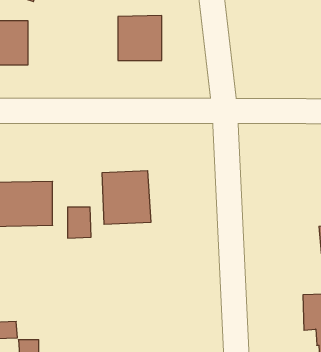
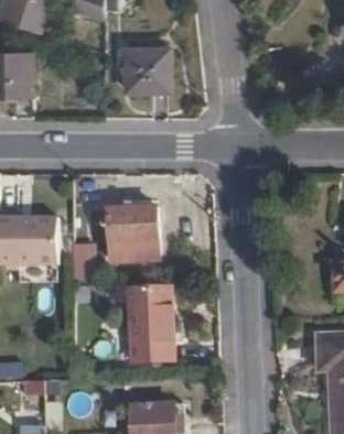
building: none -> [127,286,174,362]

